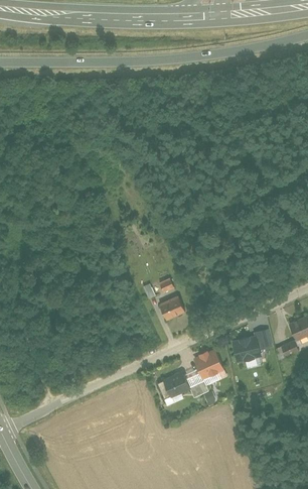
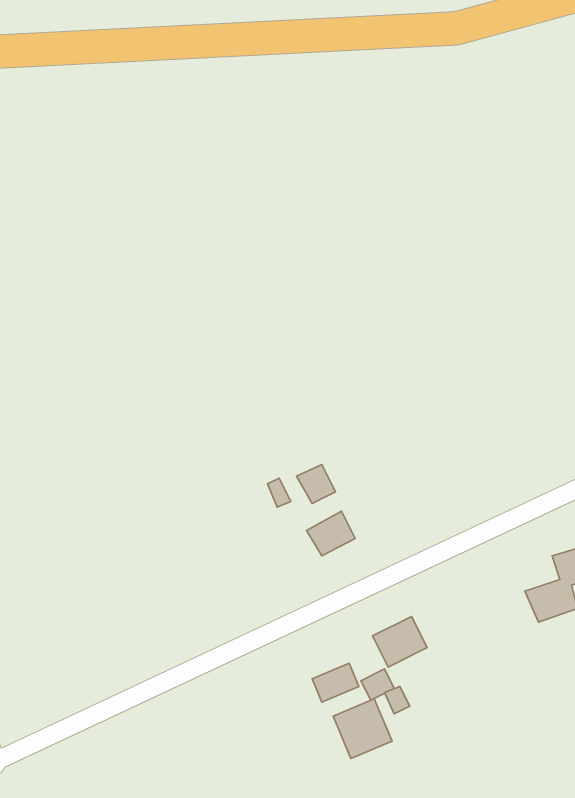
building: [230,329,271,362] -> none
building: none -> [333,699,392,758]

